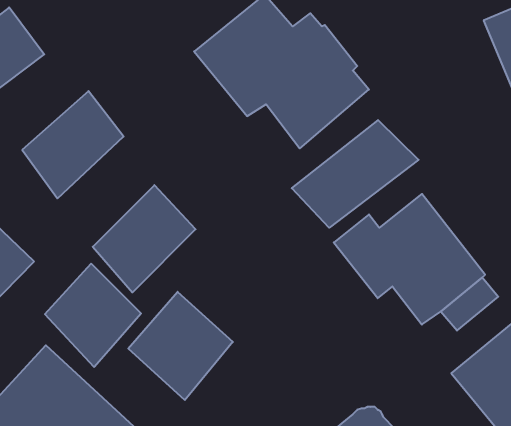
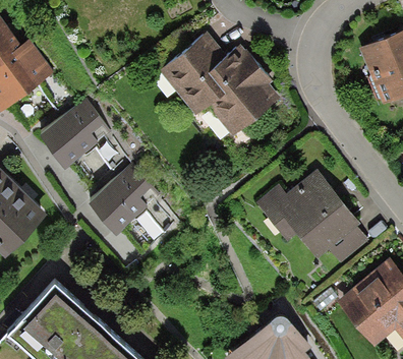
building: [292,120,419,228] -> none
building: [45,264,141,367] -> none
building: [128,292,233,400] -> none

